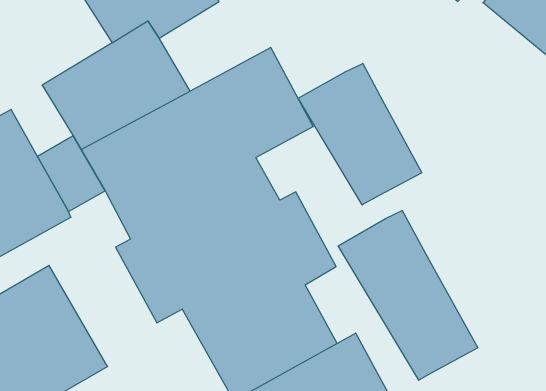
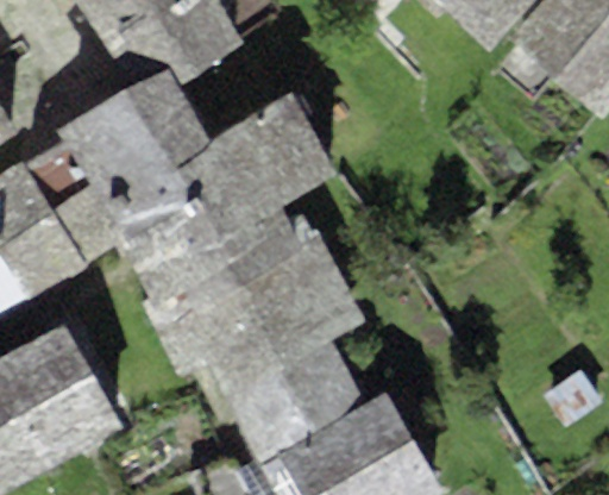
building: [298,63,422,205] -> none
building: [338,211,478,380] -> none

